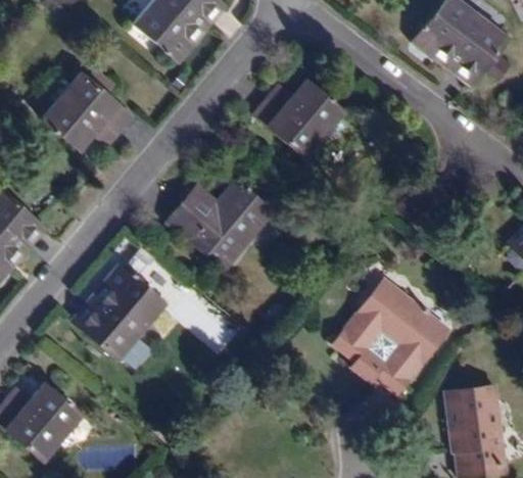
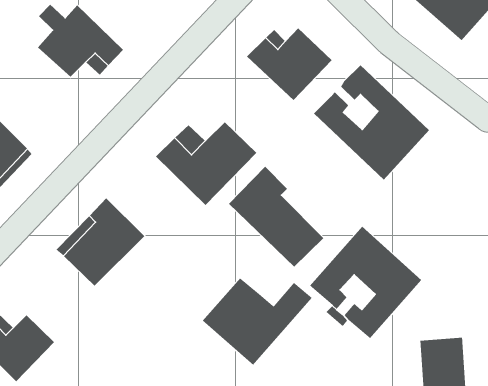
building: none -> [313,65,430,180]
building: none -> [228,166,324,268]
building: none -> [202,278,313,366]

